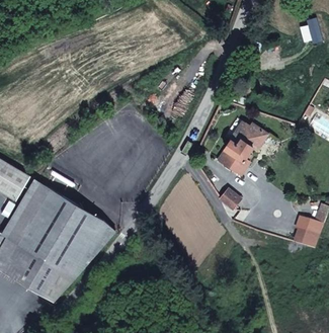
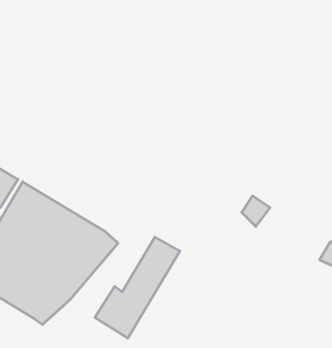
building: [219,122,272,173] -> none
building: none -> [95,237,180,338]

